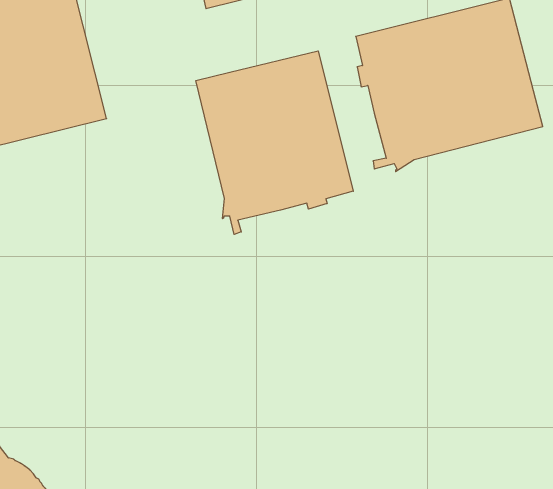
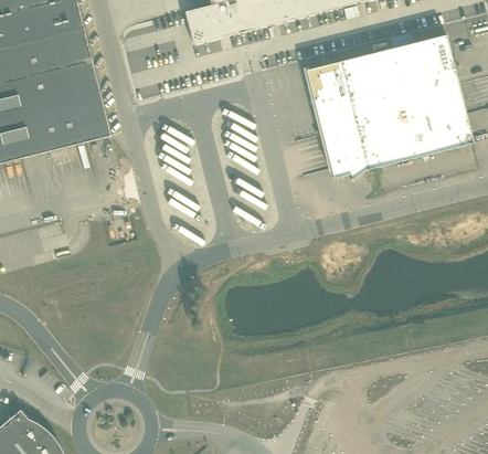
building: [196,51,353,234] -> none

